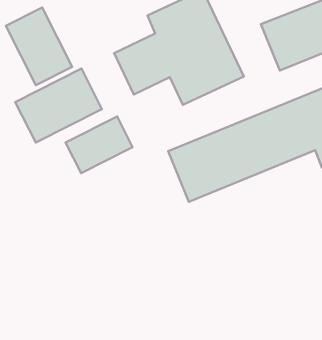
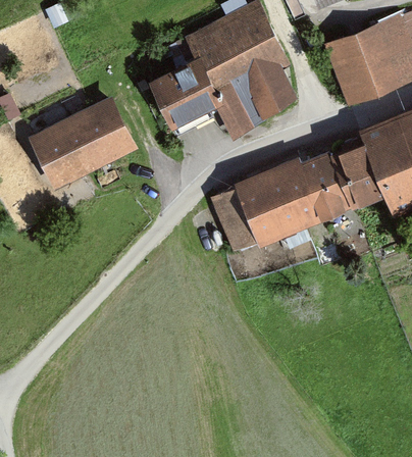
building: [6,8,72,85] -> none
building: [66,116,133,173] -> none

